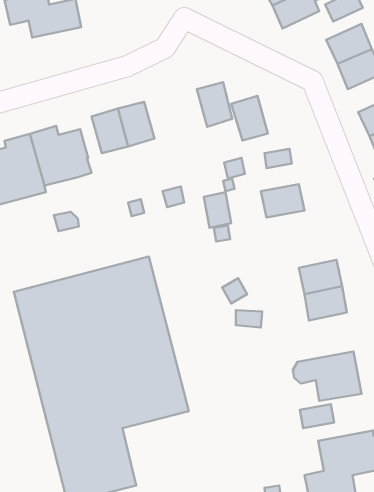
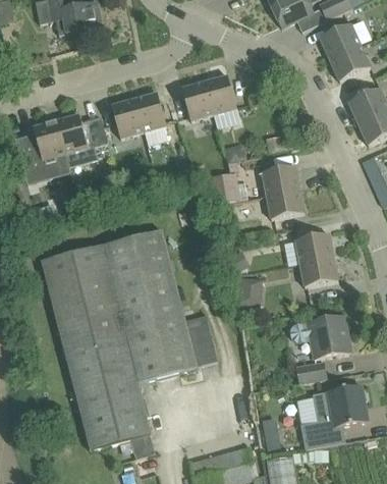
building: [231,96,268,140] -> [181,82,214,121]
building: none -> [267,190,305,219]
building: none -> [184,314,217,366]

